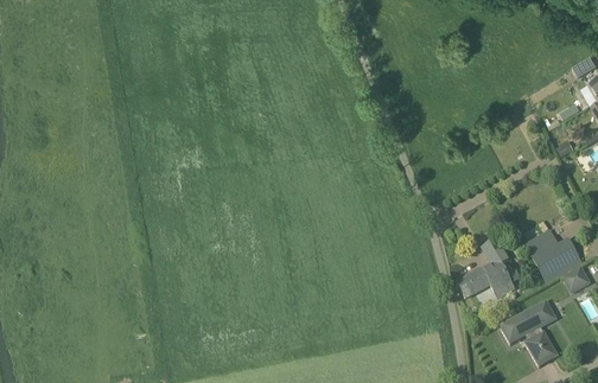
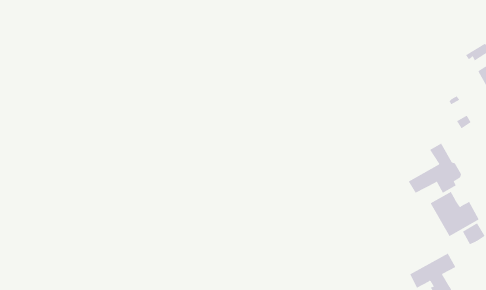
building: [457,237,520,296] -> [408,143,462,194]

